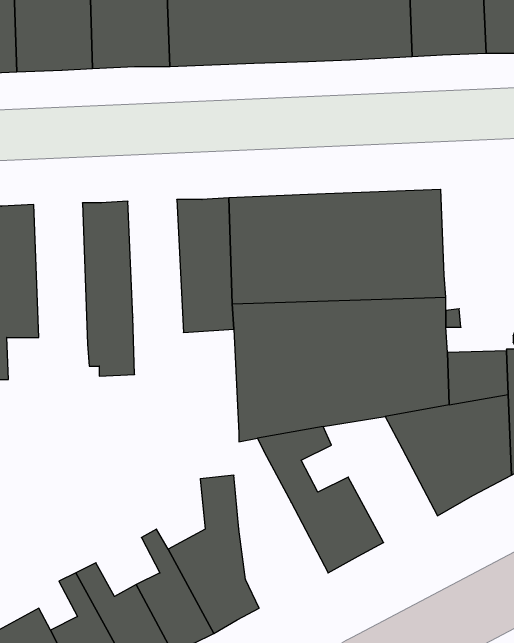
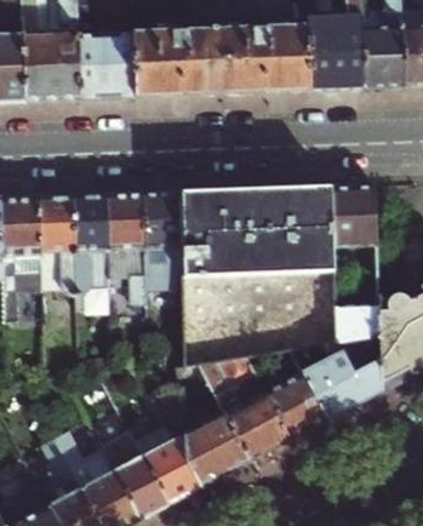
building: none -> [331,182,376,246]
building: none -> [105,191,145,303]
building: none -> [38,194,76,296]
building: none -> [264,371,328,439]
building: none -> [185,410,250,486]

